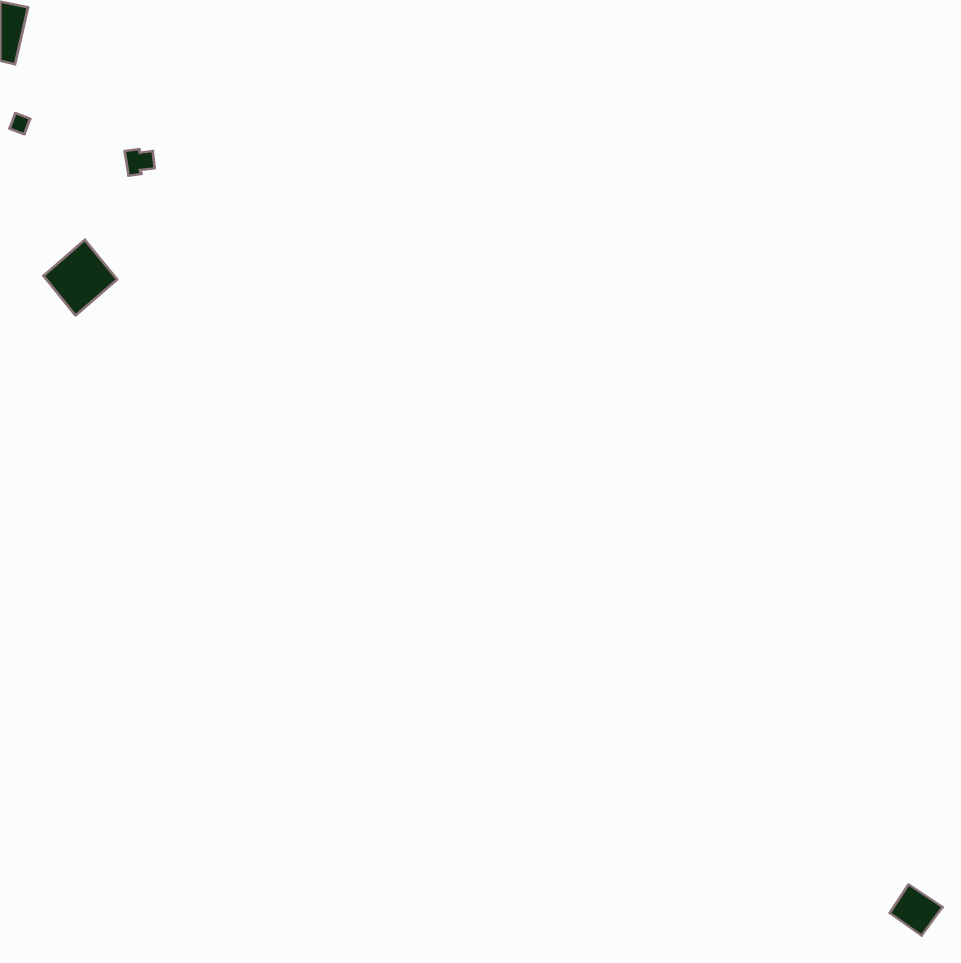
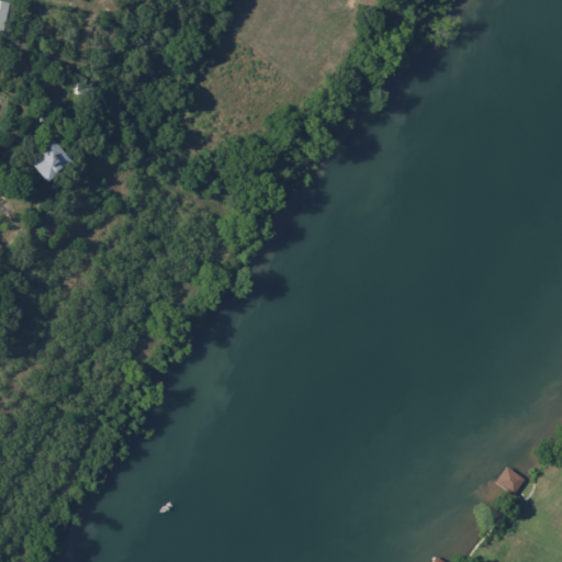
building: [890,885,943,936] -> [496,465,527,495]

